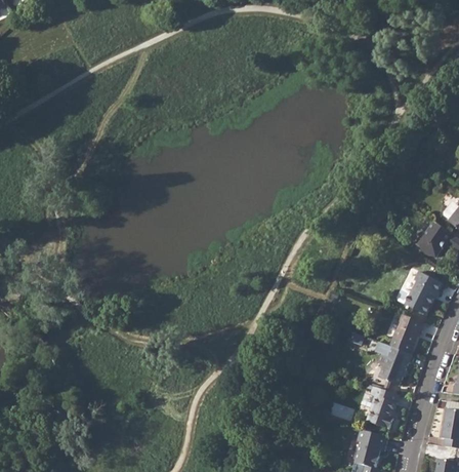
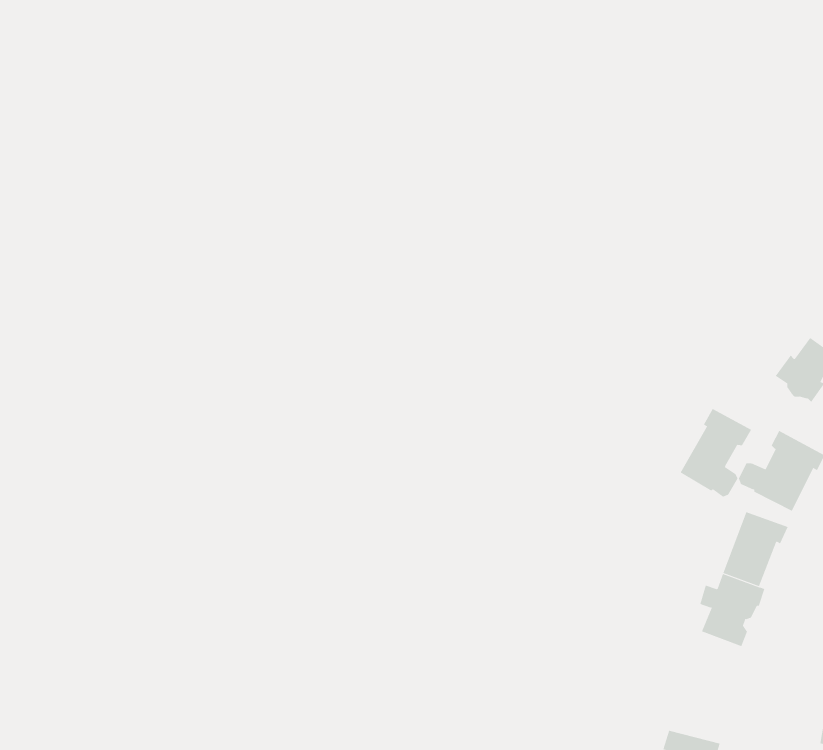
building: none -> [680,408,752,497]
building: [367,388,398,430] -> none

